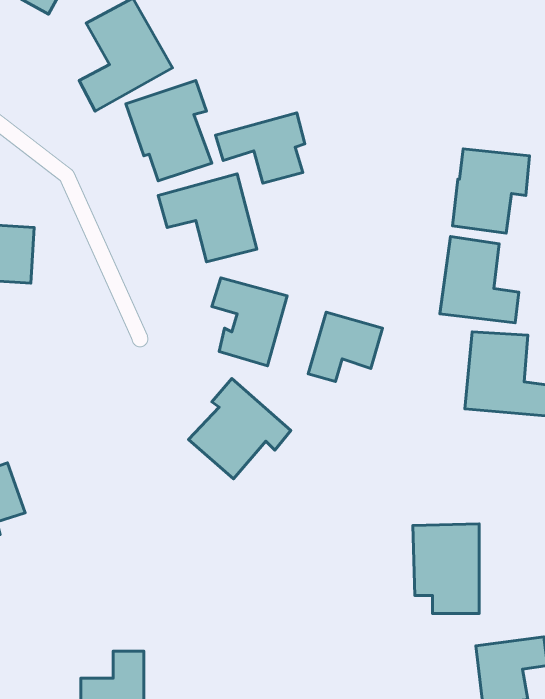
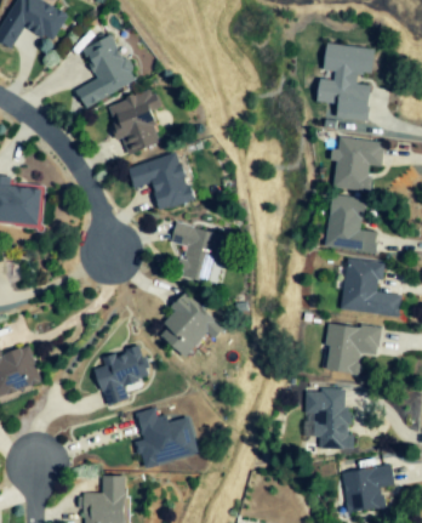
building: none -> [313,42,372,120]
building: [215,113,305,183] -> none
building: [308,312,382,381] -> none
building: none -> [321,322,381,375]
building: none -> [93,343,149,405]
building: none -> [135,405,200,468]

